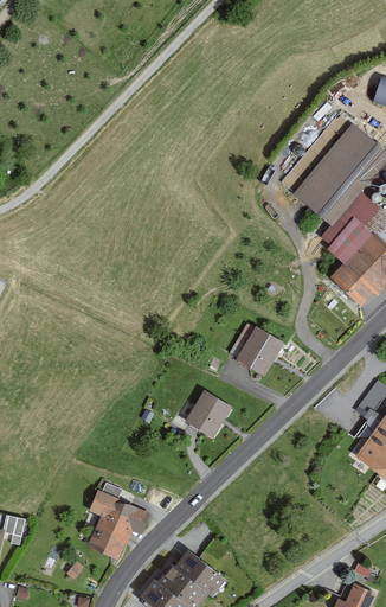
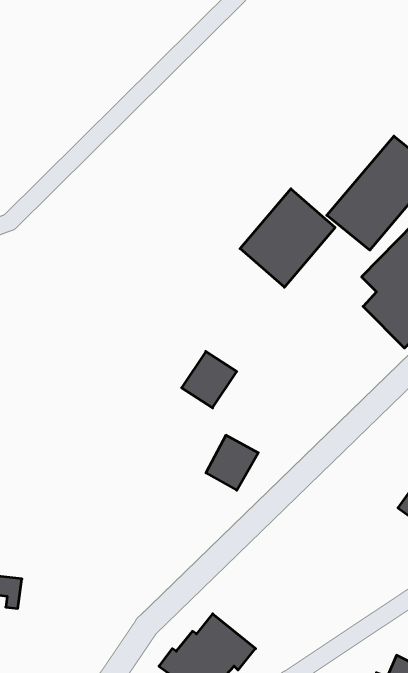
building: none -> [240,189,335,287]
building: [237,326,285,376] -> [182,351,237,408]
building: [88,491,146,557] -> none

